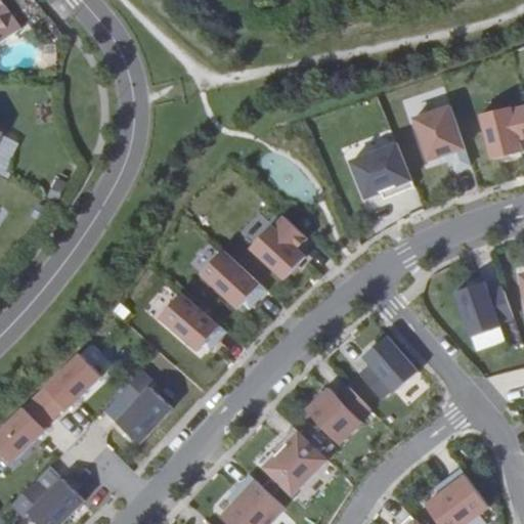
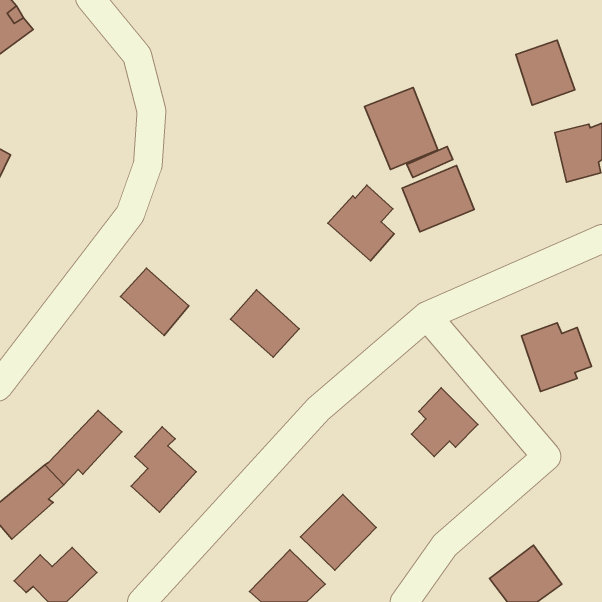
building: none -> [365,88,438,169]
building: [412,104,464,161] -> [516,40,575,105]
building: [250,217,307,282] -> [328,185,394,261]
building: [160,293,219,351] -> [120,268,189,335]
building: [306,384,362,439] -> none

